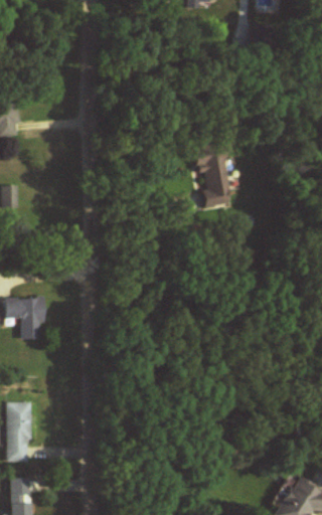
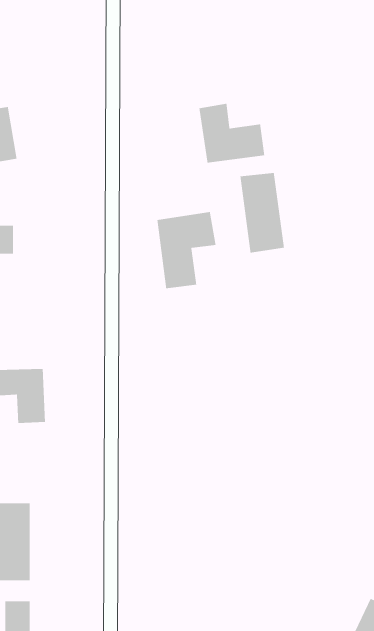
building: none -> [198,103,265,163]
building: none -> [156,211,216,289]

